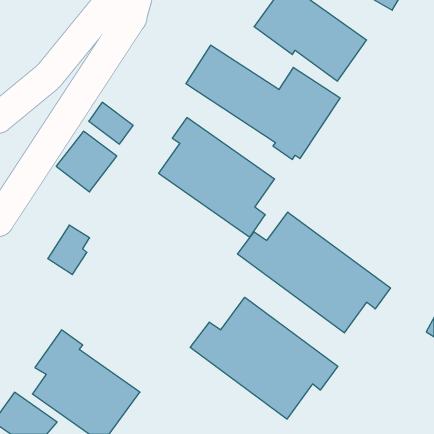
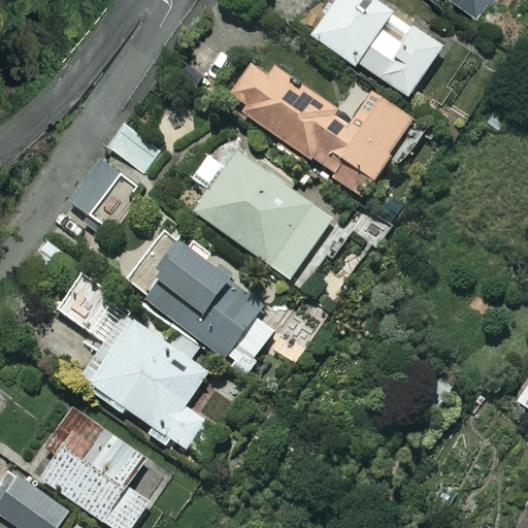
building: none -> [127,233,273,375]
building: [238,212,390,333] -> none
building: none -> [85,317,206,448]
building: [190,297,338,419] -> none

